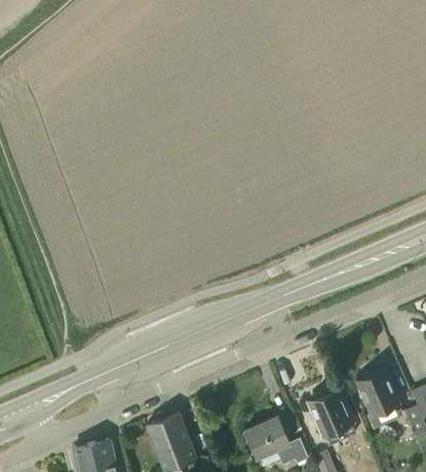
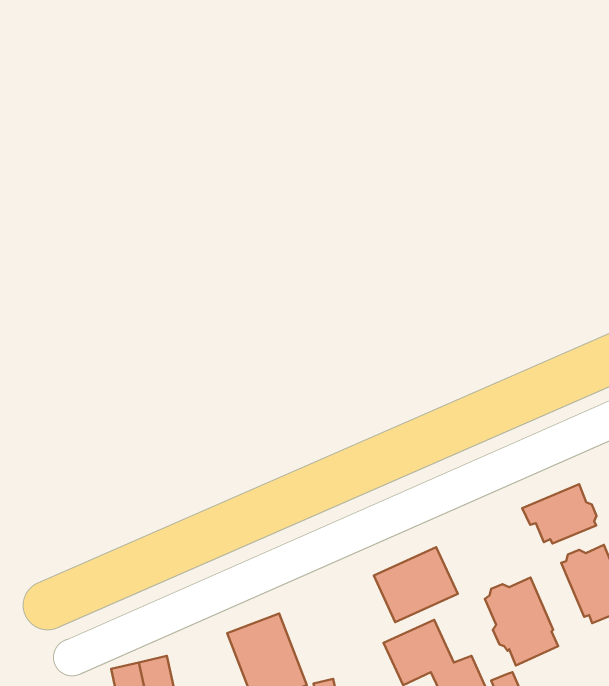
building: none -> [522,484,597,544]
building: none -> [374,547,458,622]

